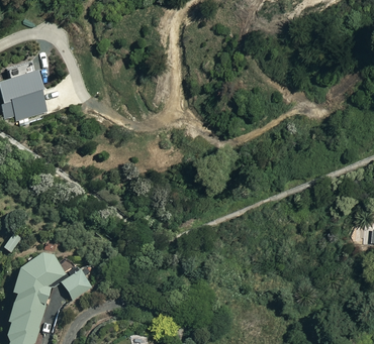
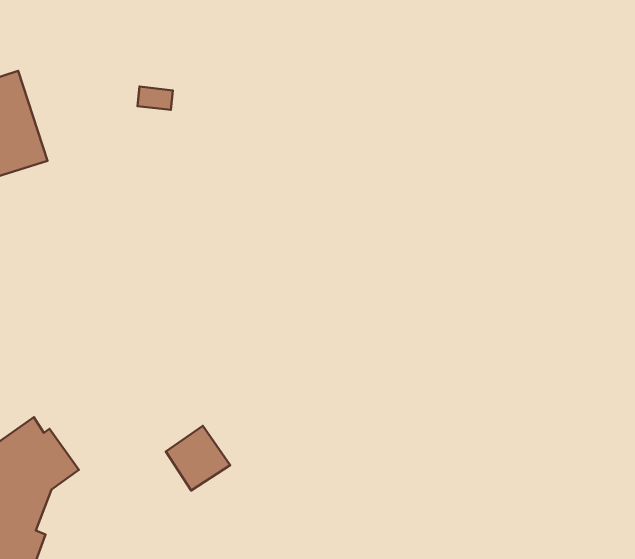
building: [63,269,96,303] -> [166,426,230,491]

